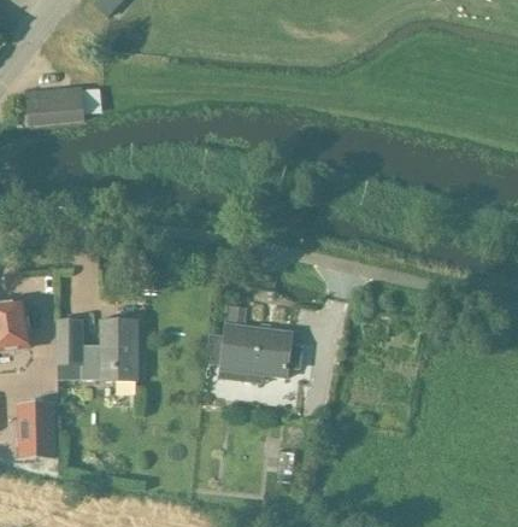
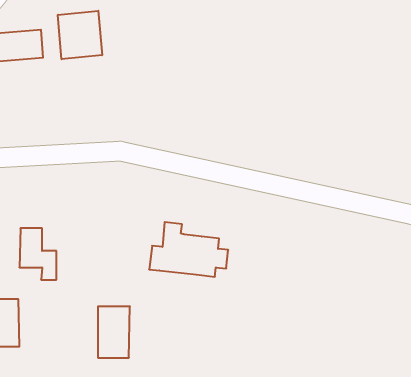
building: none -> [58,11,102,59]
building: [99,320,136,380] -> [98,306,130,358]

